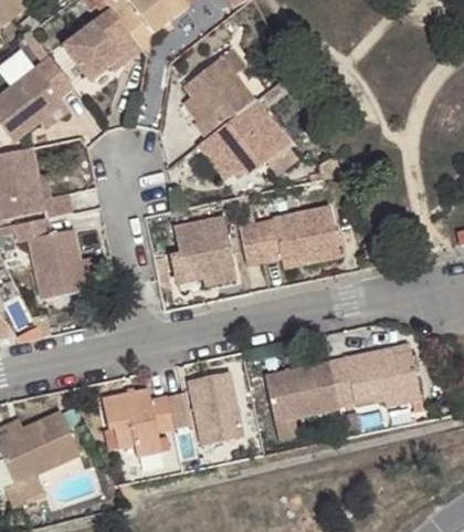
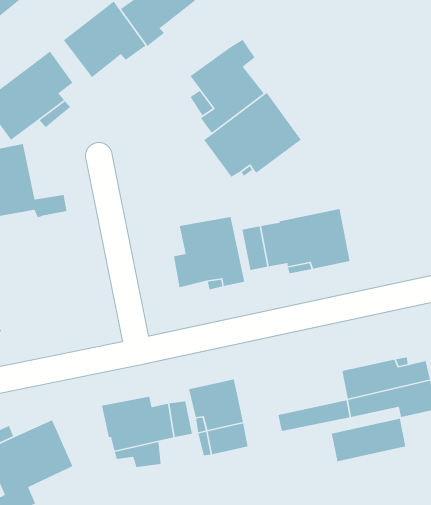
building: [11,215,85,298] -> none
building: [264,362,336,404] -> [331,418,406,462]

